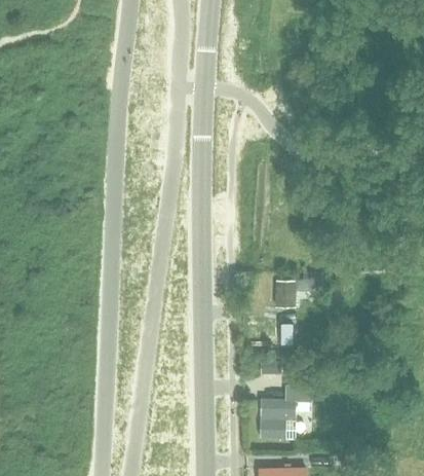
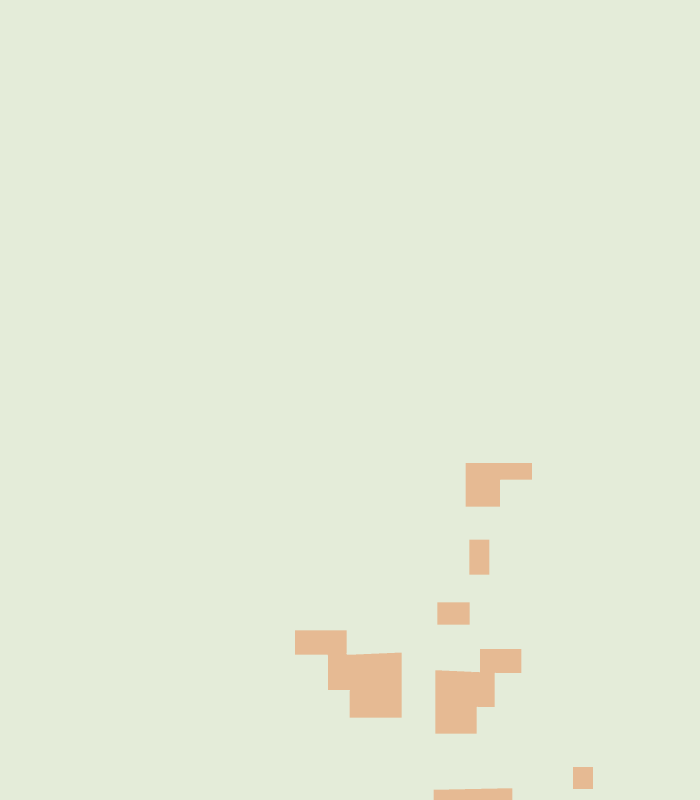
building: none -> [294,630,402,719]

